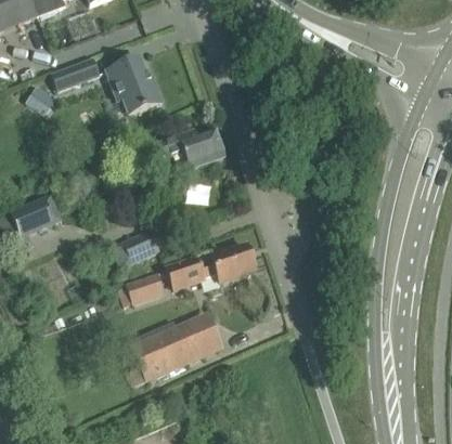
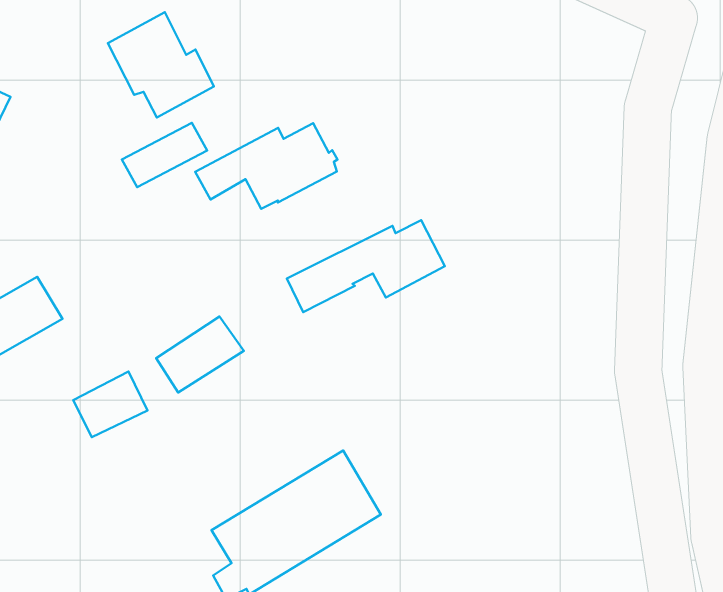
building: [51,58,99,90] -> [122,123,207,187]
building: [167,245,255,287] -> [287,220,445,312]
building: [125,271,165,304] -> [73,371,147,437]

